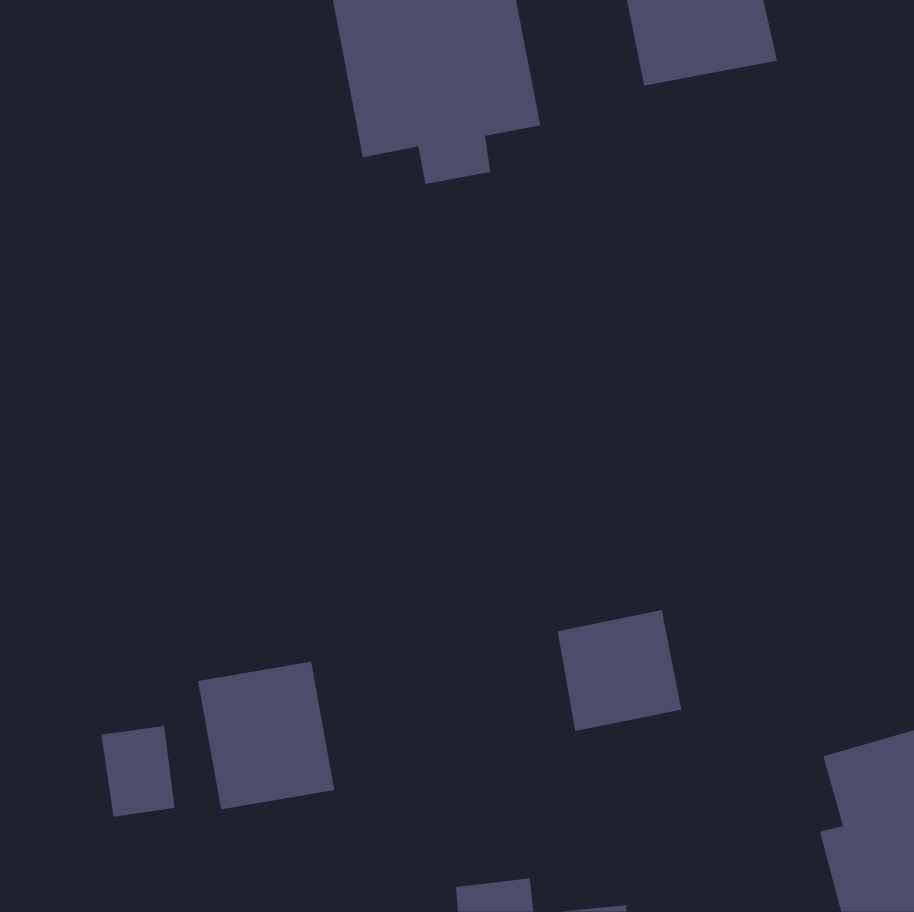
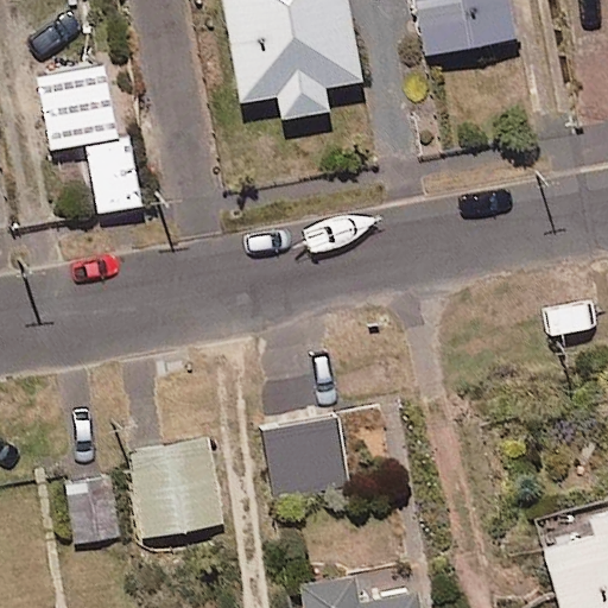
building: none -> [37,63,140,214]
building: [557,610,682,731] -> [267,419,350,500]

